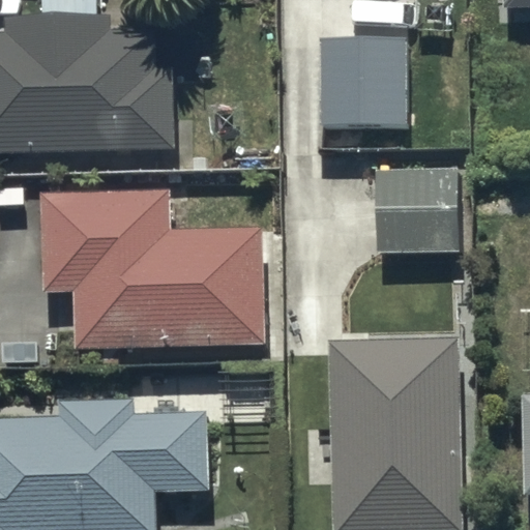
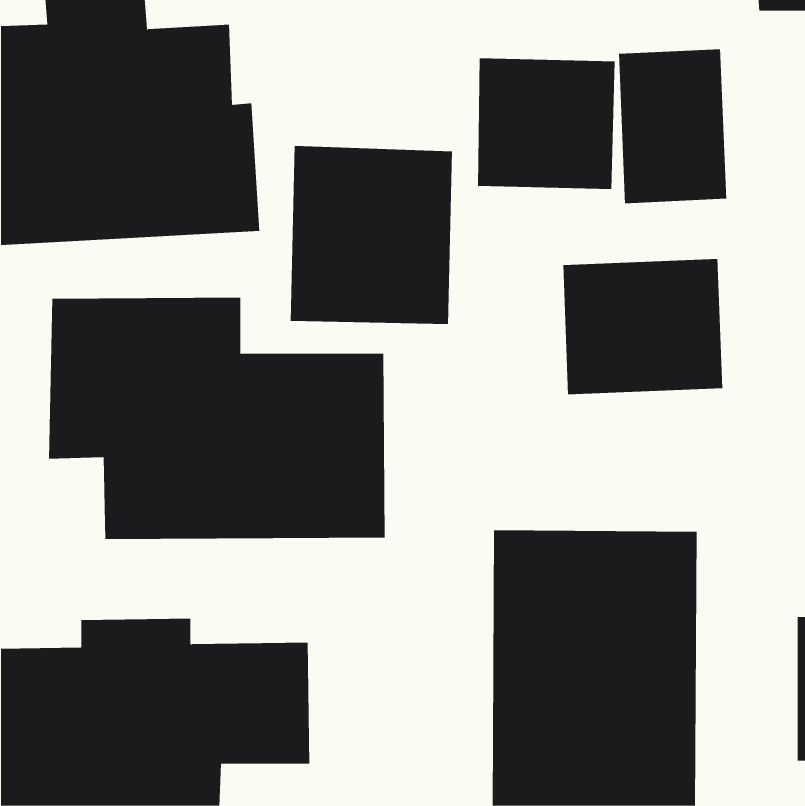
building: none -> [618,48,727,204]
building: none -> [290,145,453,325]

